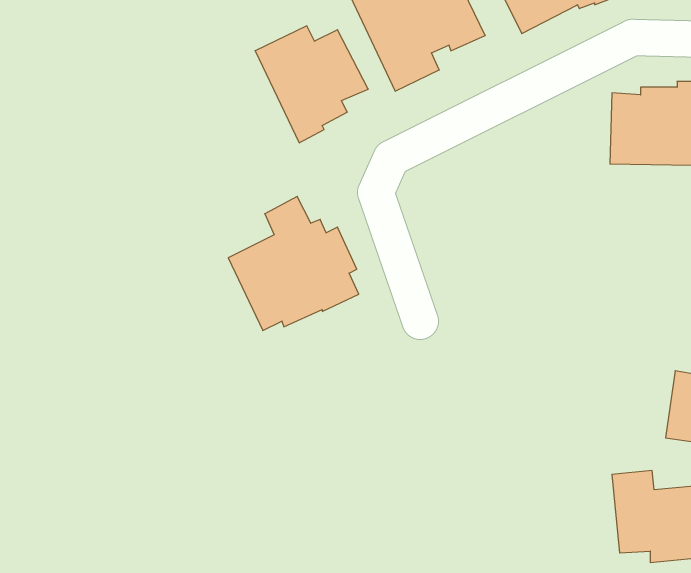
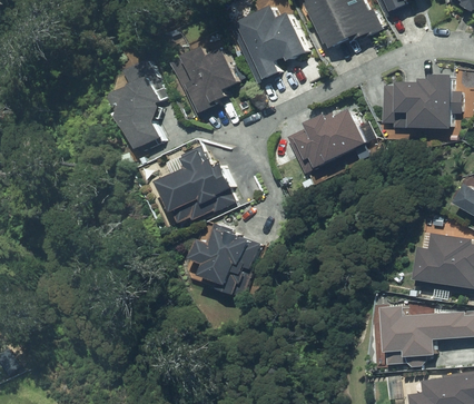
building: none -> [111,59,165,149]
building: none -> [283,109,365,175]
building: none -> [190,224,257,297]

